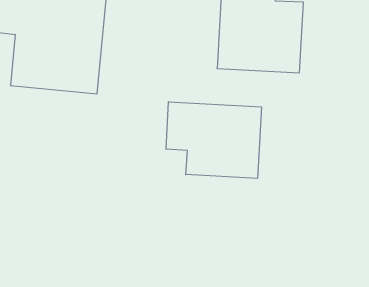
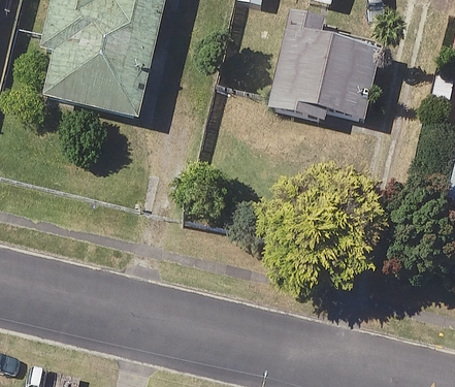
building: [166,102,261,178] -> none

